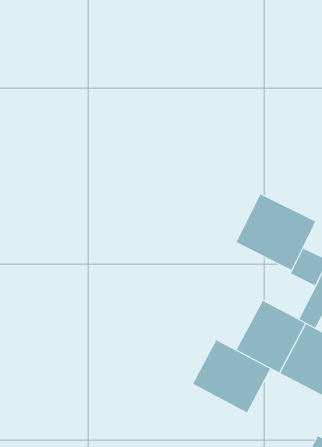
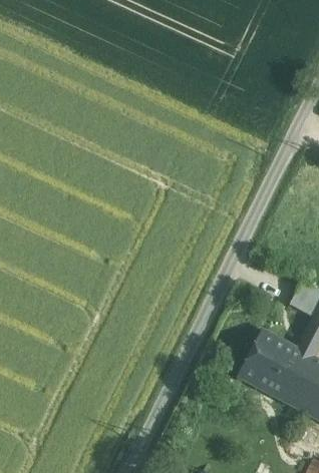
building: [236,193,316,270] -> none
building: [193,339,271,413] -> none

